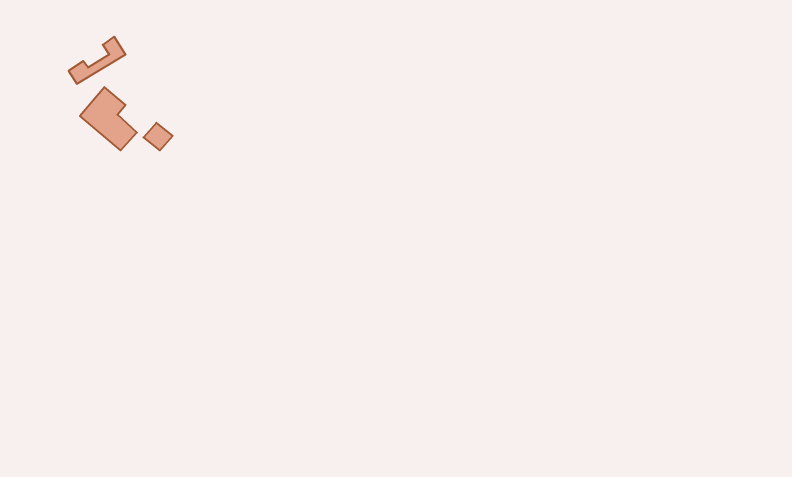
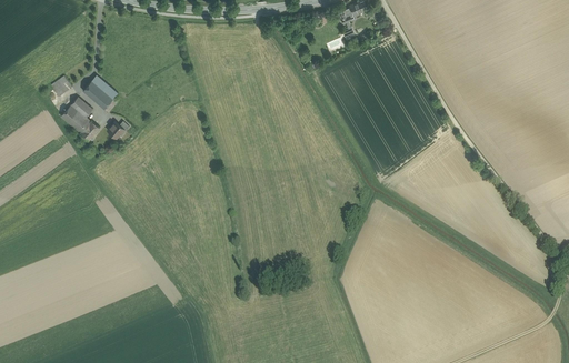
building: none -> [84,74,119,111]

